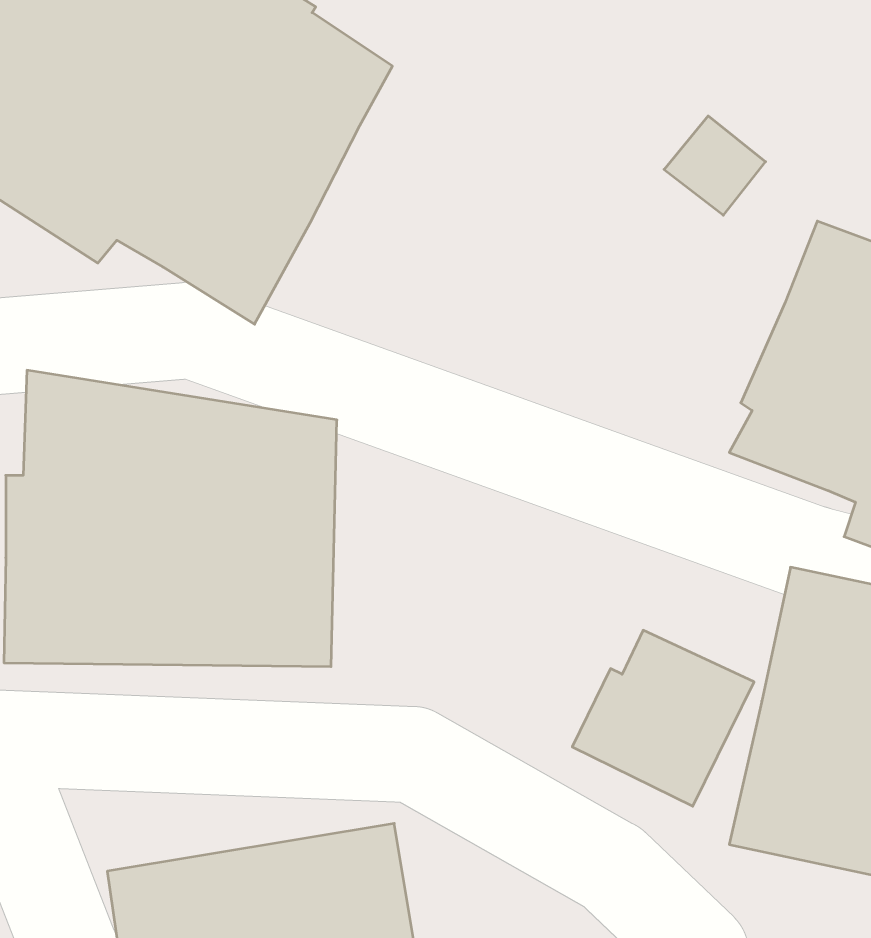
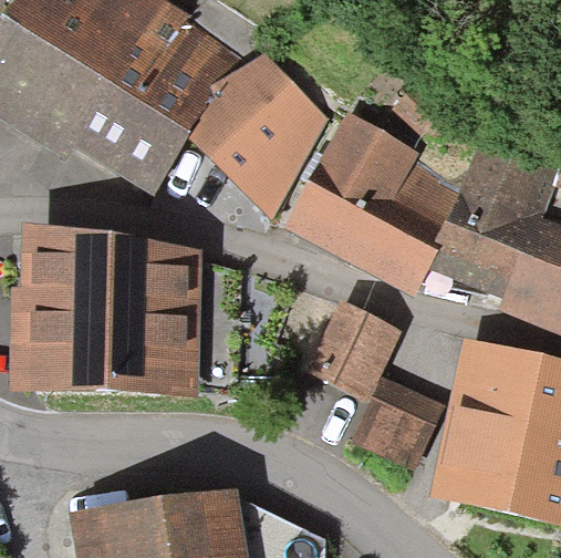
building: none -> [188,51,329,218]
building: none -> [287,111,463,297]
building: none -> [309,299,403,399]

